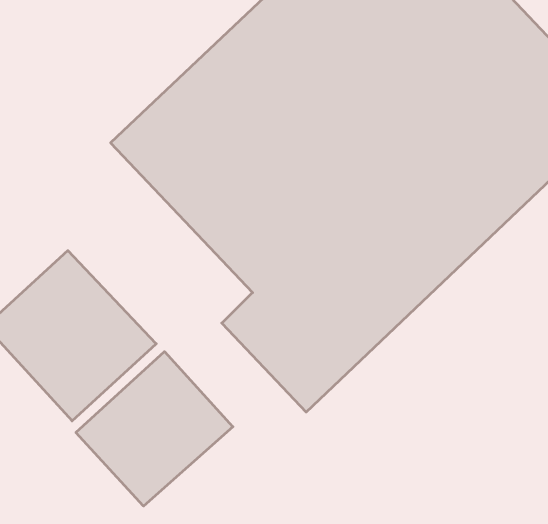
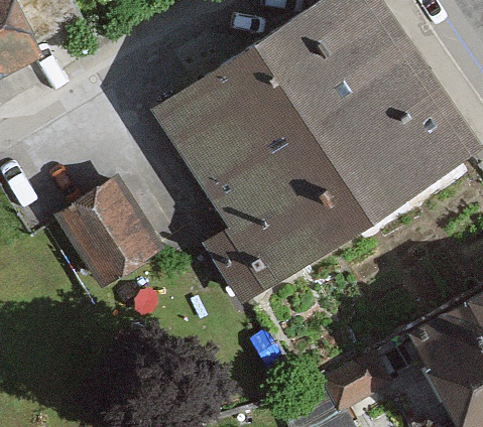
building: [76,352,233,506] -> none

